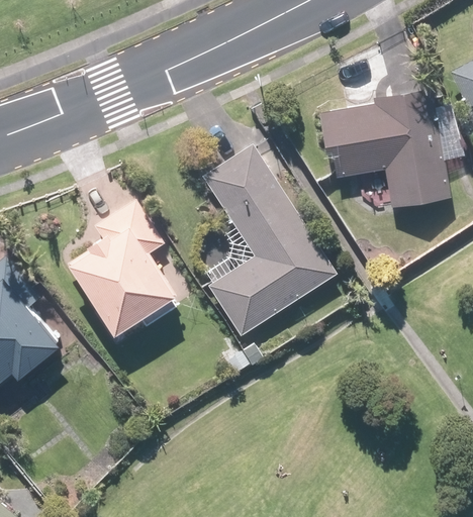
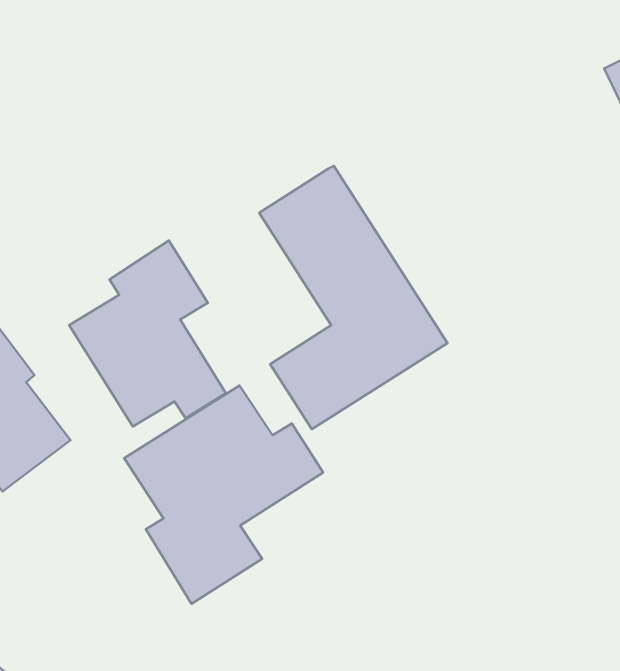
building: [322,91,453,212] -> none
building: none -> [124,385,323,604]

